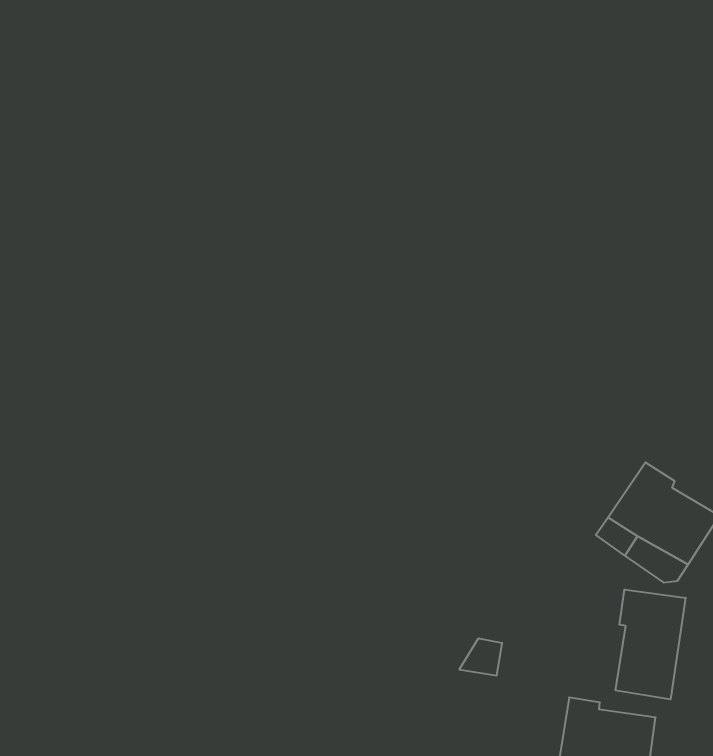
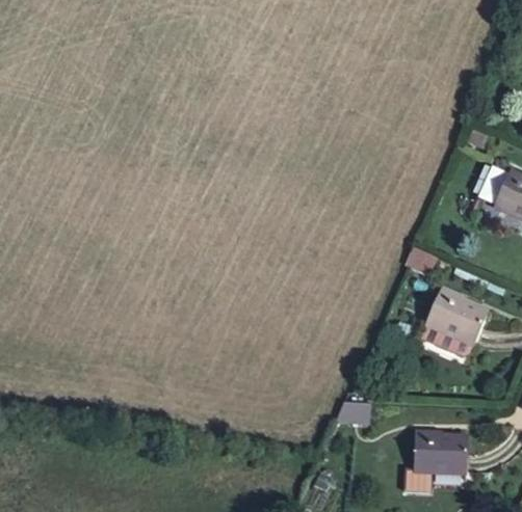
building: [616,589,686,699] -> none

